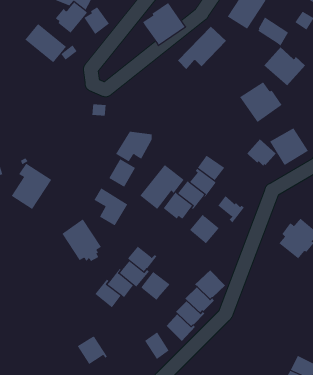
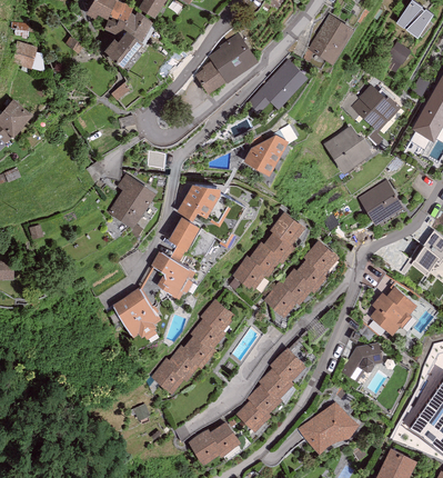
building: [84,7,110,35] -> [194,61,225,94]
building: [257,17,289,47] -> none
building: [25,23,67,63] -> none
building: none -> [243,133,289,177]
building: [247,139,277,167] -> [303,240,339,273]
building: [11,163,52,210] -> [108,173,157,229]
building: [139,164,185,210] -> none
building: none -> [281,270,313,306]
building: none -> [340,342,383,382]
building: [141,271,171,300] -> [200,299,235,333]
building: none -> [298,401,360,455]
building: [77,336,108,365] -> [188,430,224,465]

